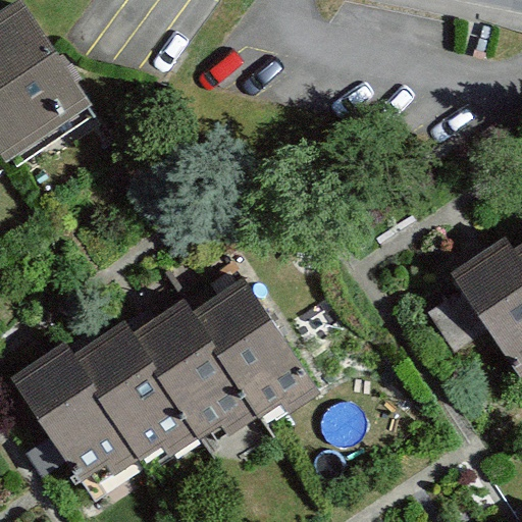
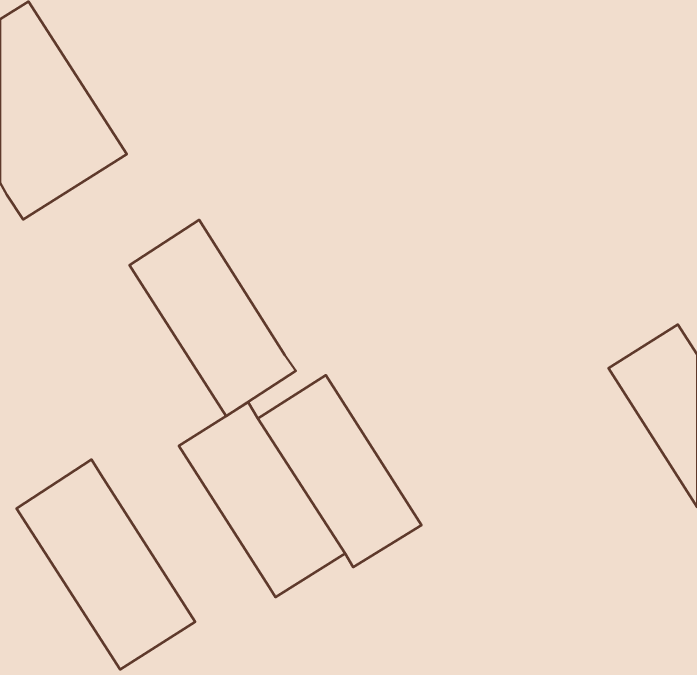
building: none -> [129,220,296,416]
building: [75,323,201,471] -> none

